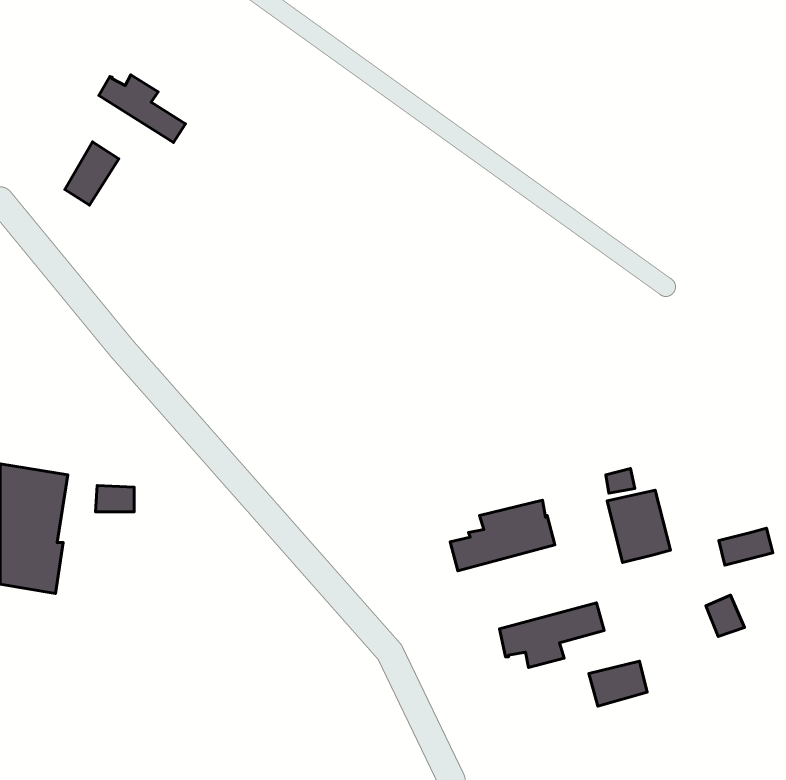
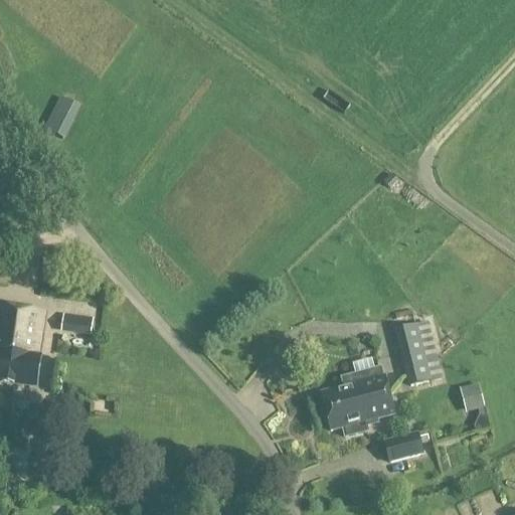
building: [99,75,185,143] -> none
building: [450,500,555,571] -> [322,364,390,410]
building: [719,528,773,565] -> [407,359,443,383]

